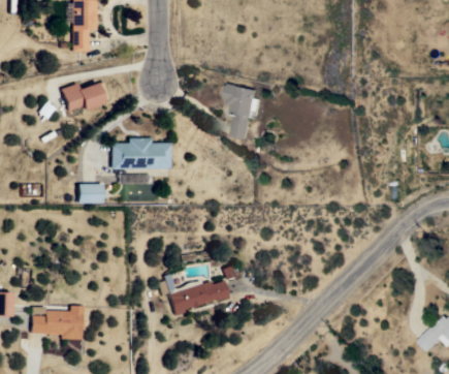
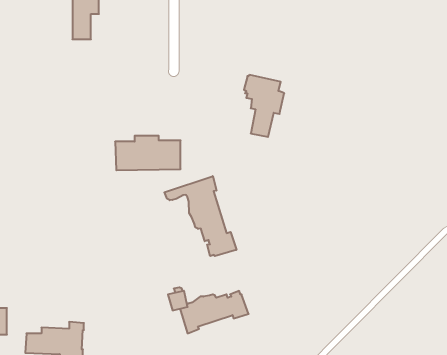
building: [61,82,109,111] -> none
building: none -> [164,176,236,256]
building: [77,184,102,204] -> none

